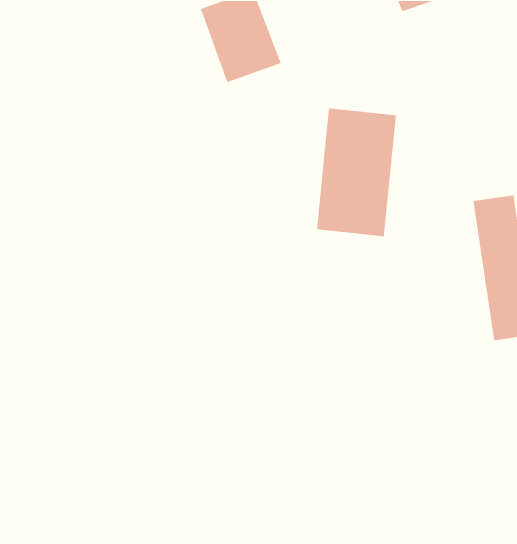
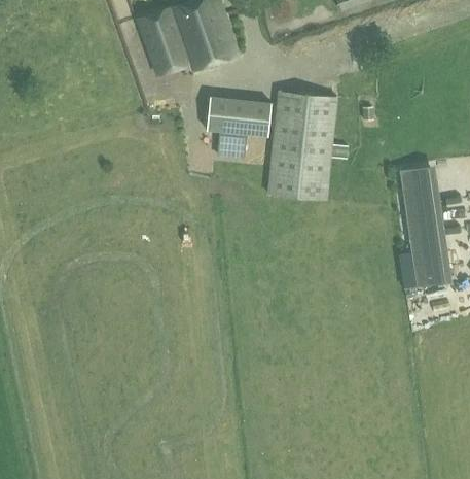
building: none -> [137,7,189,74]
building: none -> [204,97,269,160]

